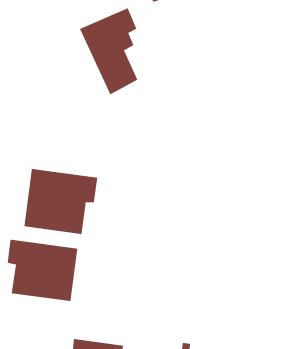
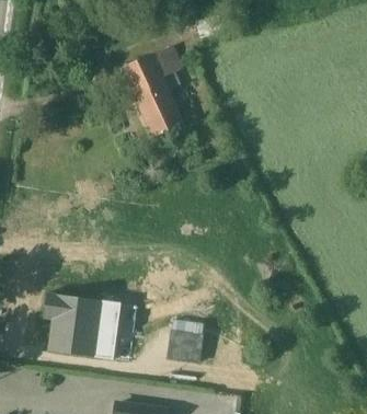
building: [24,168,98,235] -> none
building: none -> [165,320,203,366]

